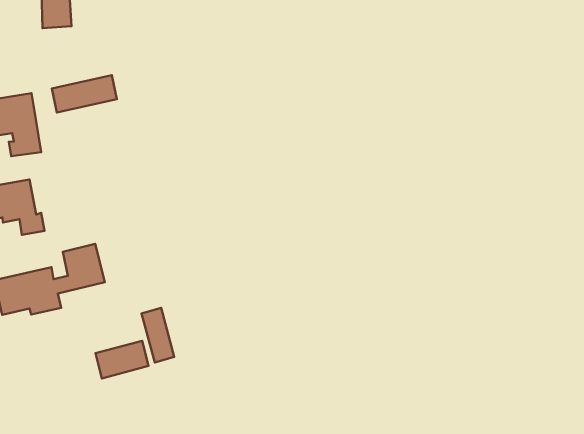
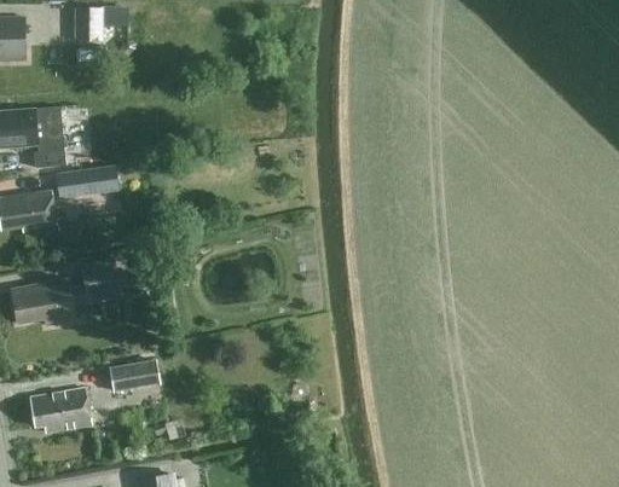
building: [52,75,117,113] -> [53,164,117,198]
building: [142,308,174,362] -> none
building: none -> [29,387,91,431]

